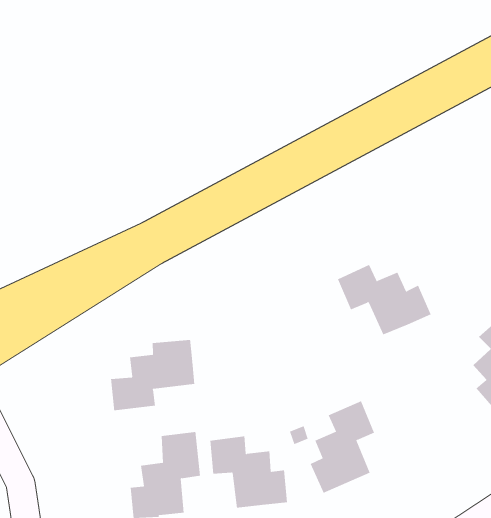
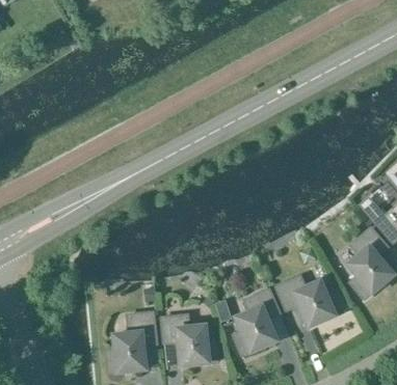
building: [337,264,432,335] -> [276,277,343,327]
building: [111,339,195,411] -> none

